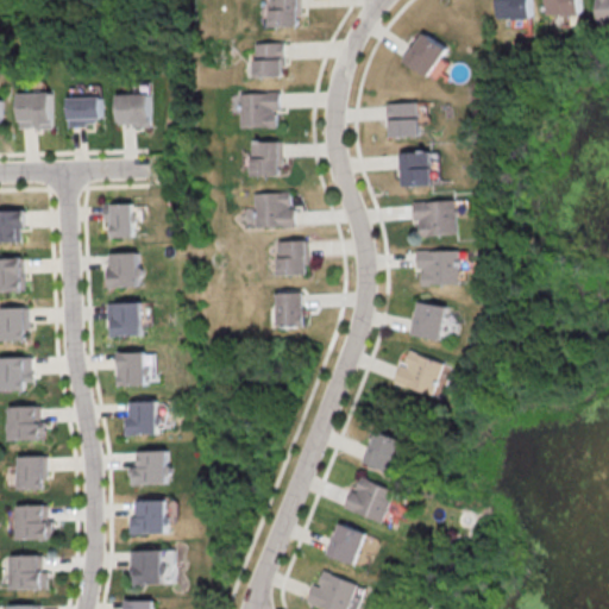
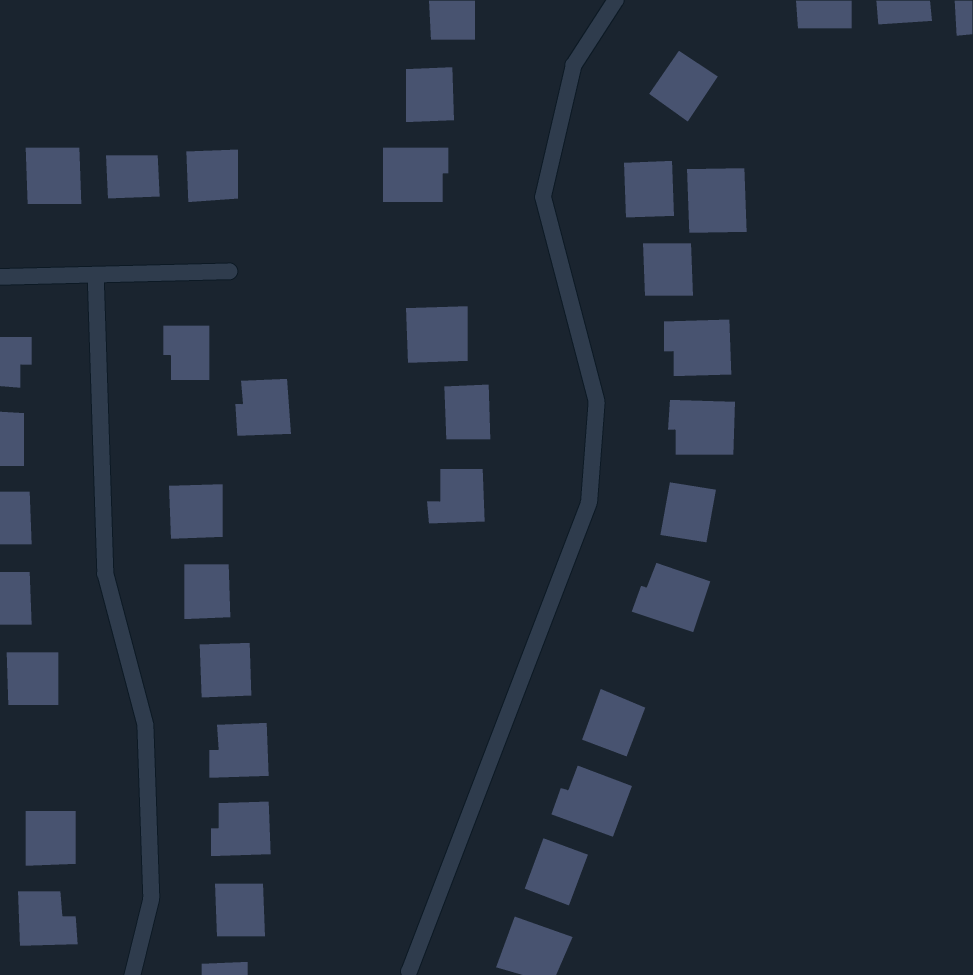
building: none -> [687,168,747,234]
building: [250,142,280,176] -> none
building: [101,252,137,288] -> [234,379,292,436]
building: [15,456,43,490] -> none

